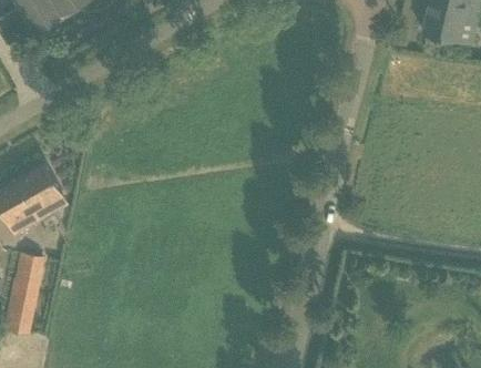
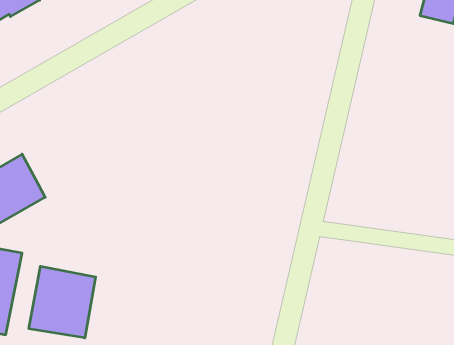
building: none -> [29,266,96,338]

